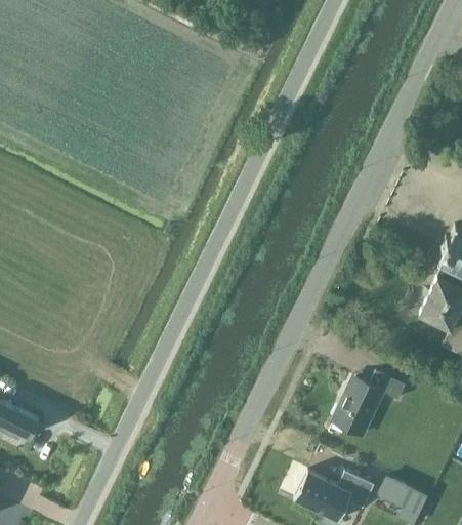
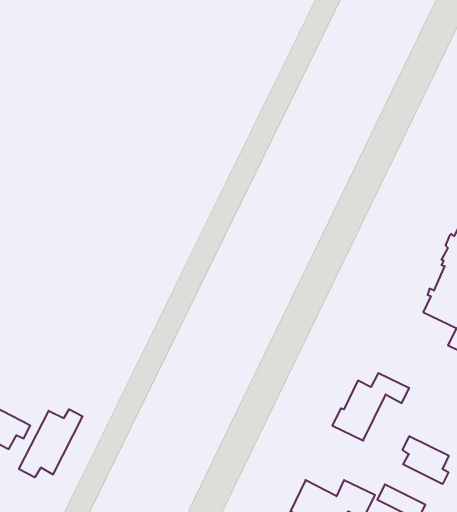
building: none -> [19,409,83,477]
building: none -> [403,436,449,484]

